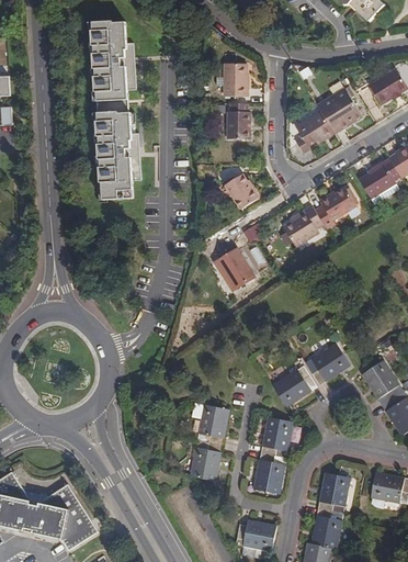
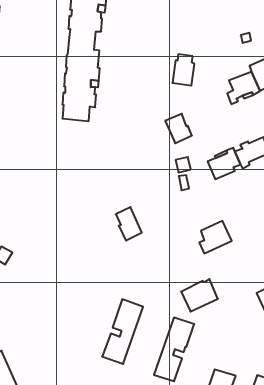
building: [224,64,248,97] -> none
building: [218,249,252,290] -> [116,207,142,241]
building: [310,344,349,385] -> [199,221,232,253]

